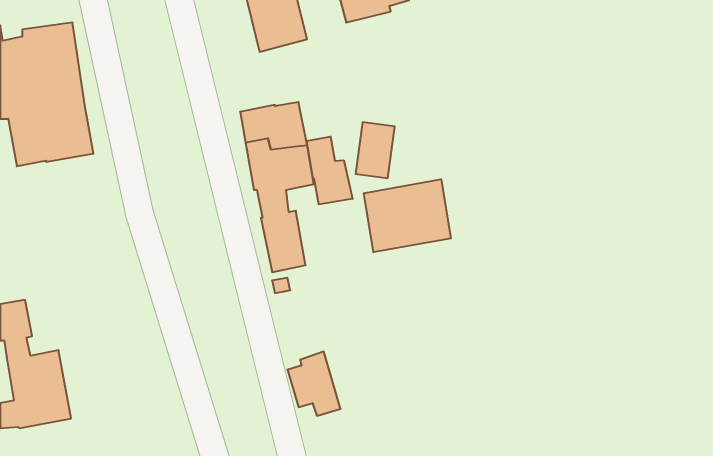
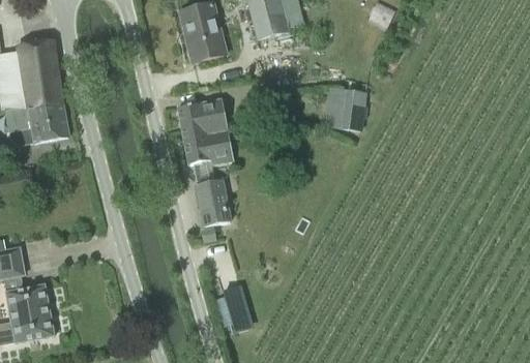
building: [356,122,395,178] -> [336,89,365,130]
building: [307,137,353,204] -> none
building: [364,179,451,252] -> none

